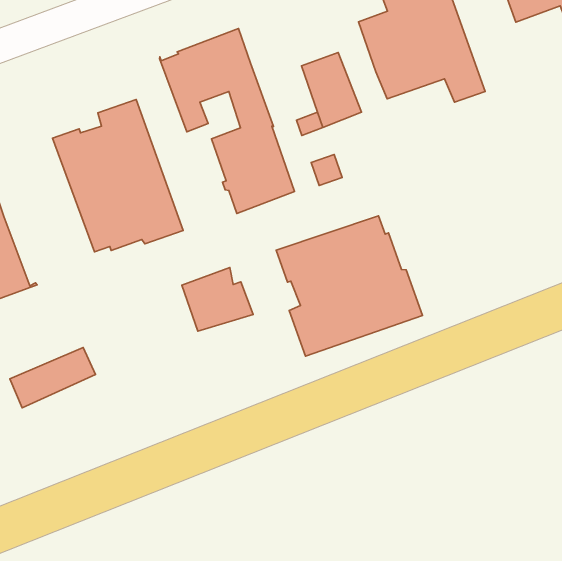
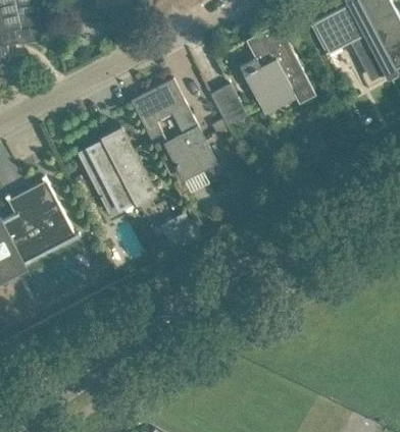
building: [276,216,423,356] -> none
building: [10,347,96,408] -> none

